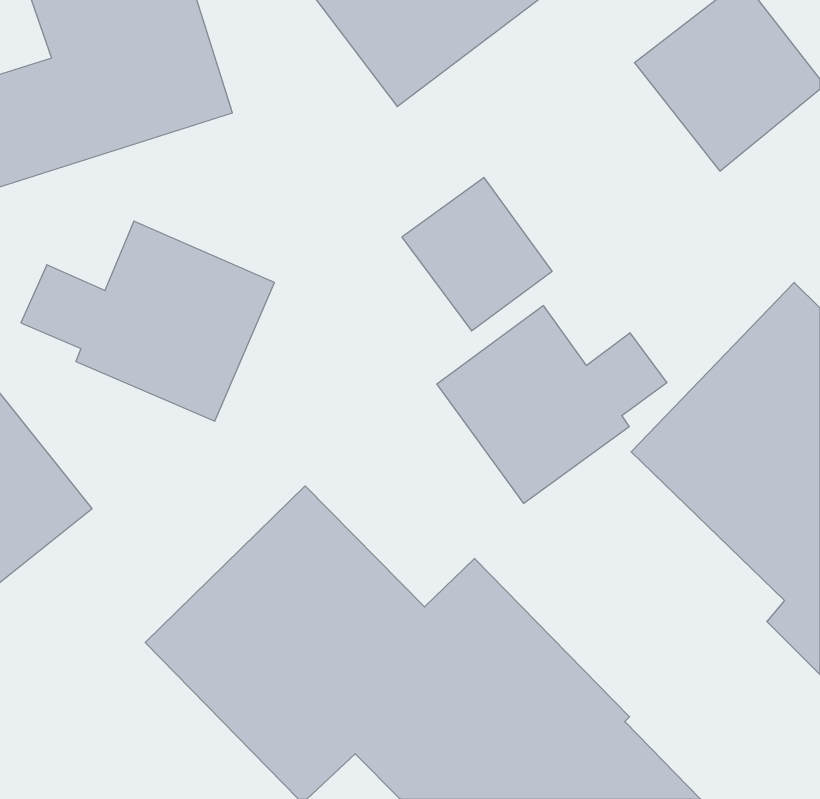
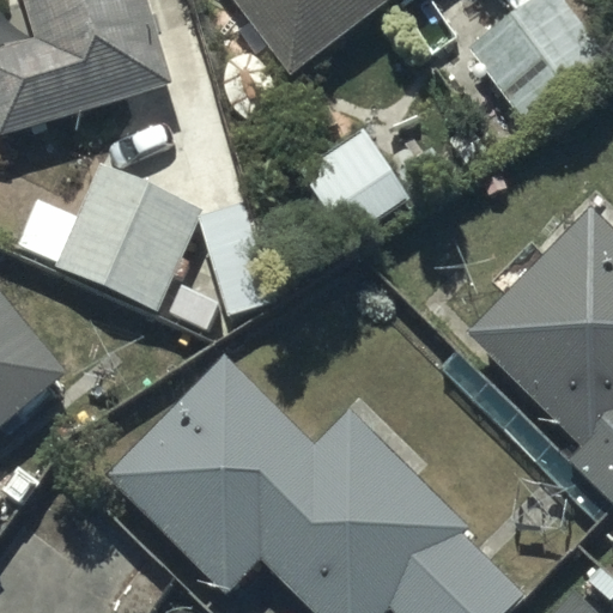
building: [437,306,667,503] -> none

